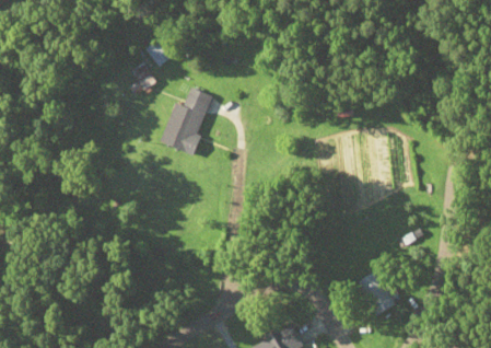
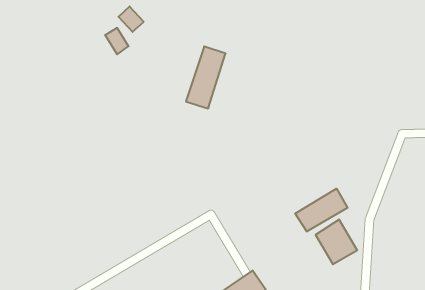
building: [169,88,212,154] -> [186,46,226,108]
building: none -> [295,189,348,232]

